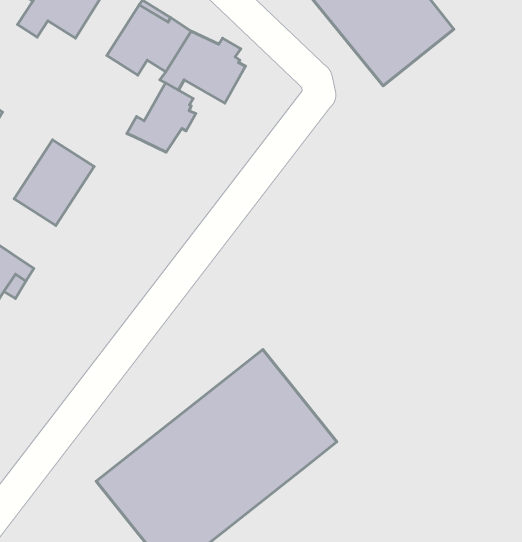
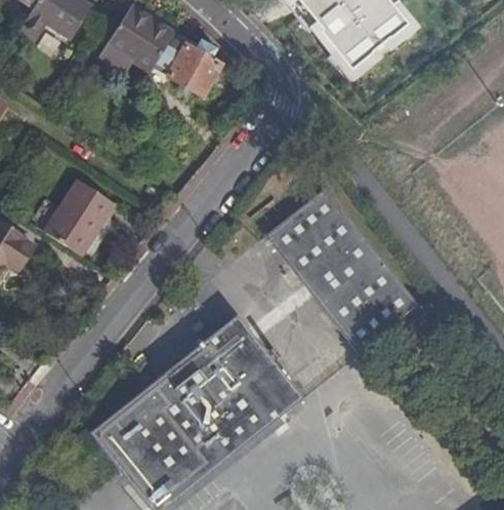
building: [127,83,196,152] -> none
building: [14,140,94,225] -> [45,180,116,256]
building: none -> [266,188,420,354]

